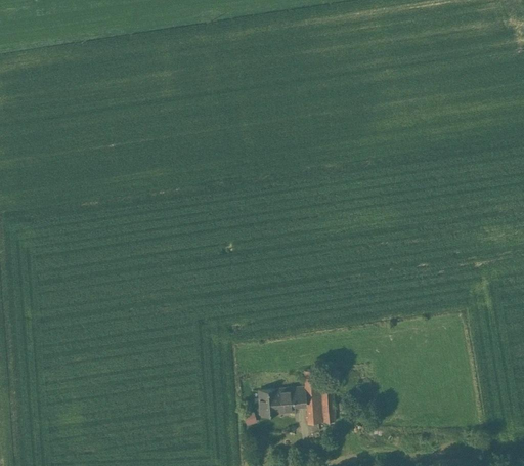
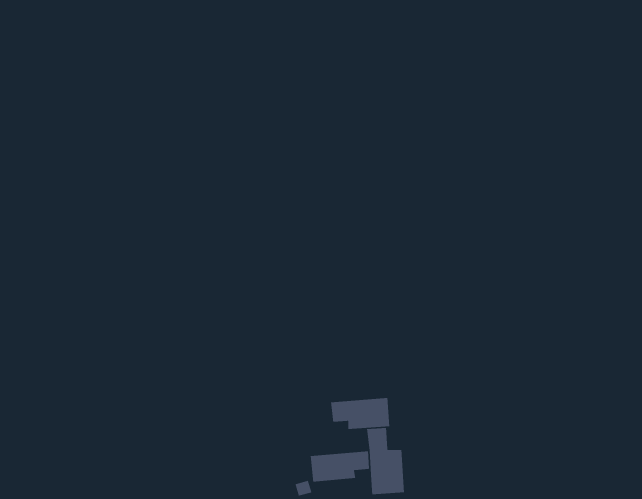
building: none -> [330,397,390,430]

